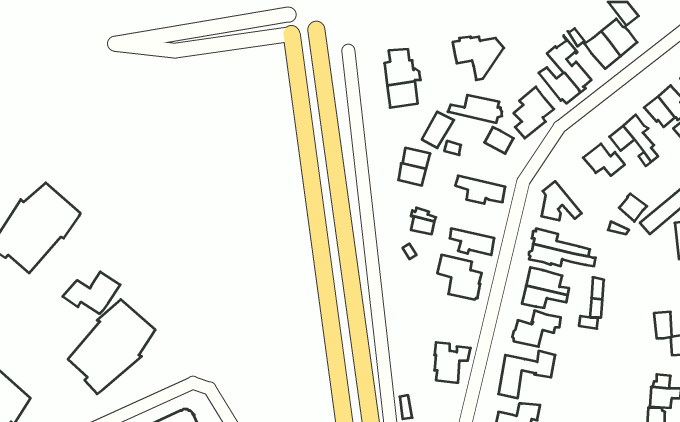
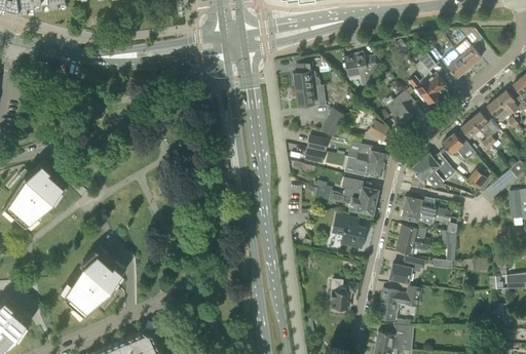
building: [448,95,502,123] -> [347,144,387,164]
building: none -> [420,153,451,184]
building: none -> [343,180,378,202]
building: [63,272,120,314] -> none

